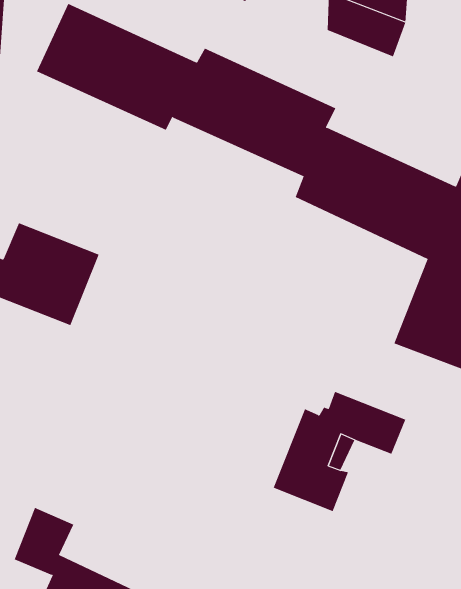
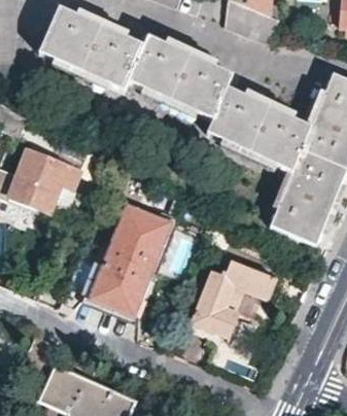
building: none -> [89,204,170,316]

